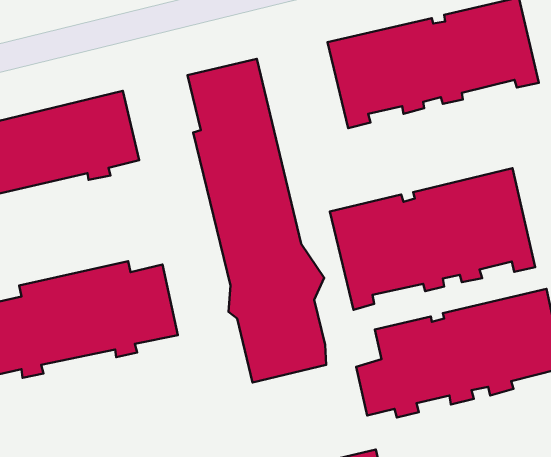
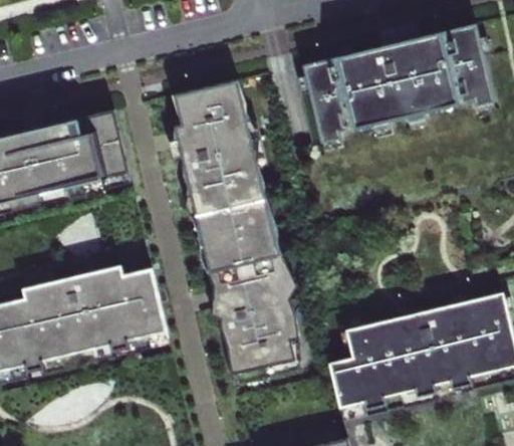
building: [330,168,535,310] -> none

